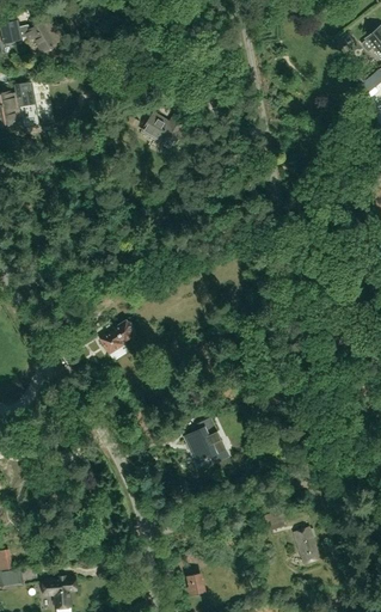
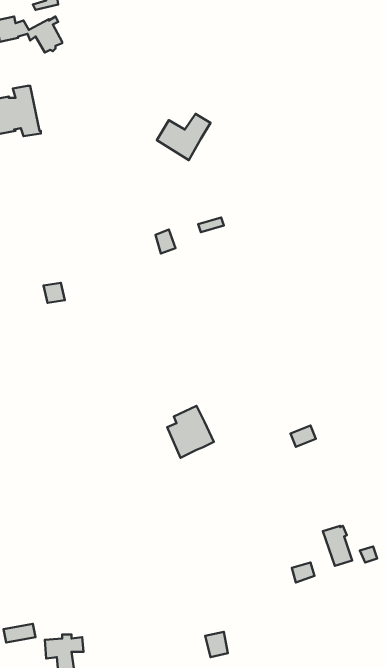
building: [99,322,135,355] -> none
building: [184,418,226,465] -> [167,406,214,458]
building: [293,528,319,564] -> [323,526,352,566]

